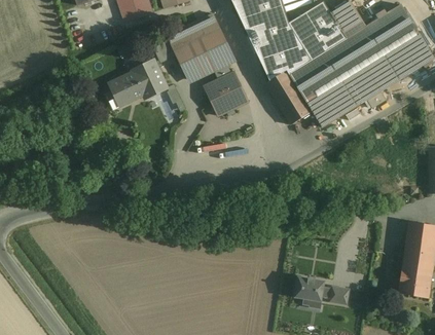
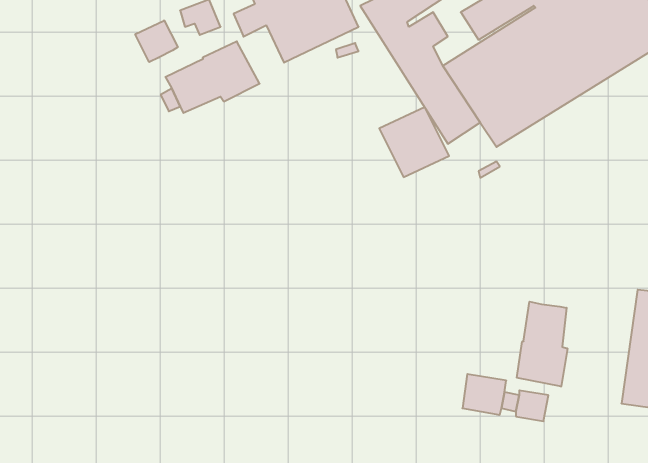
building: none -> [135,20,178,62]
building: [205,72,249,116] -> [379,107,449,177]
building: none -> [517,302,567,387]

